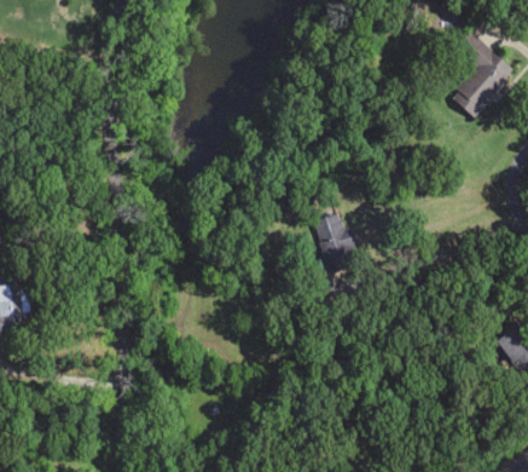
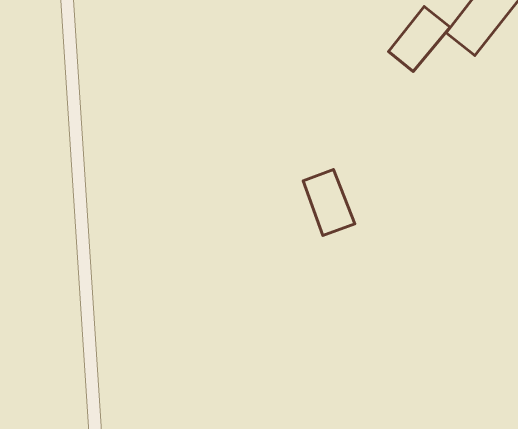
building: none -> [388,6,450,72]

